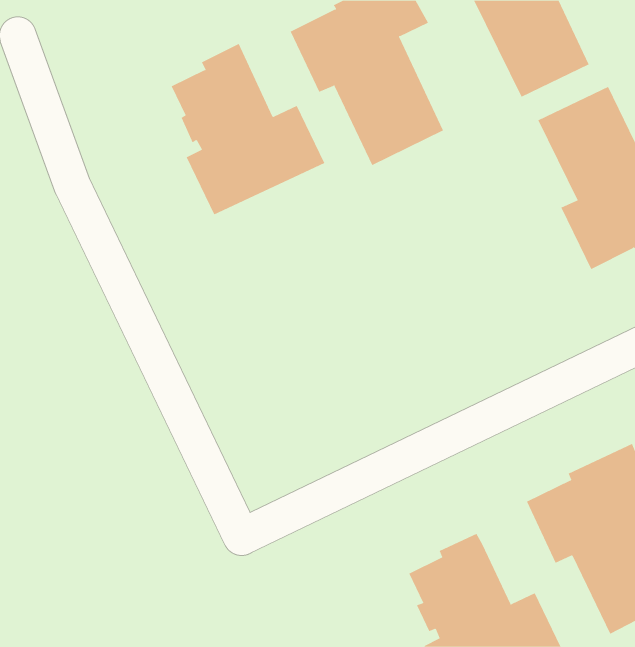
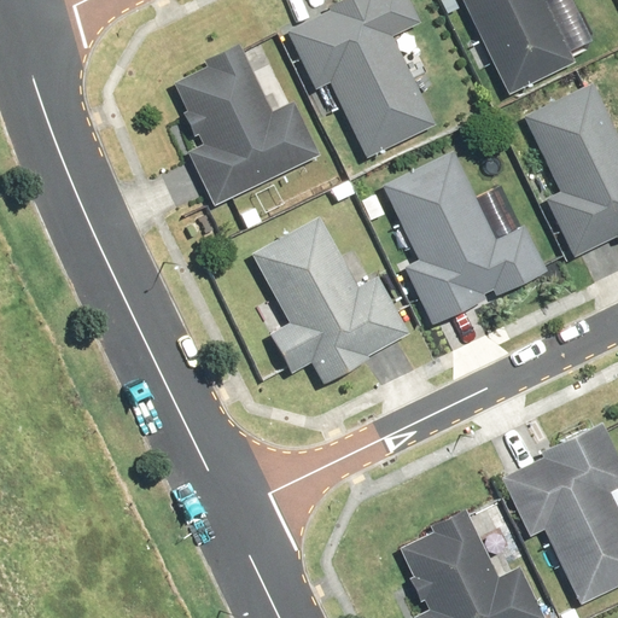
building: none -> [381,150,547,323]
building: none -> [251,216,409,384]

